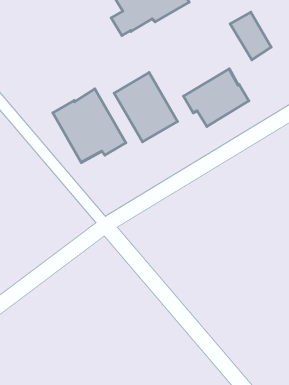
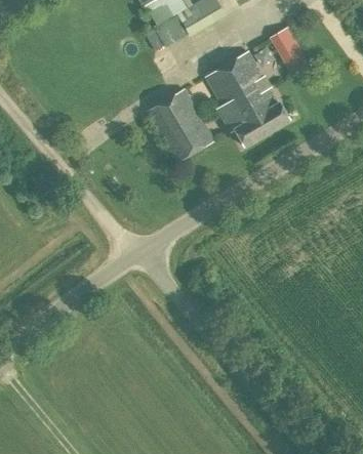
building: none -> [205,51,269,114]
building: [53,89,126,163] -> none

